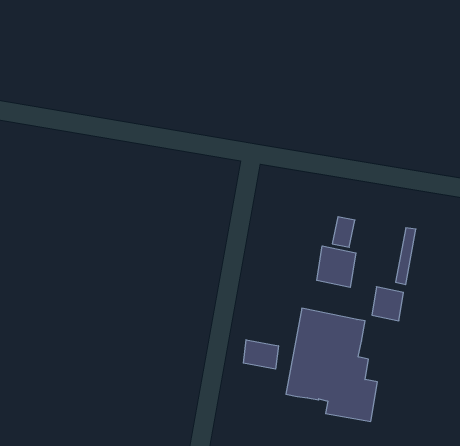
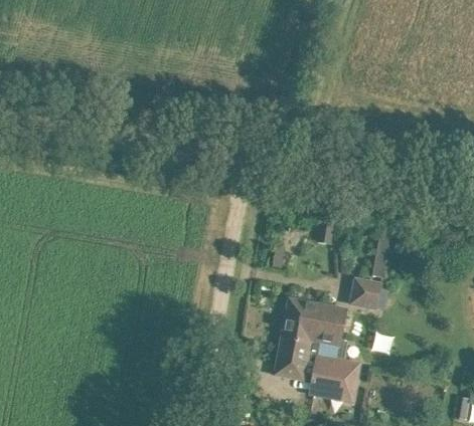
building: [317,246,356,287] -> none
building: [243,340,278,369] -> none

